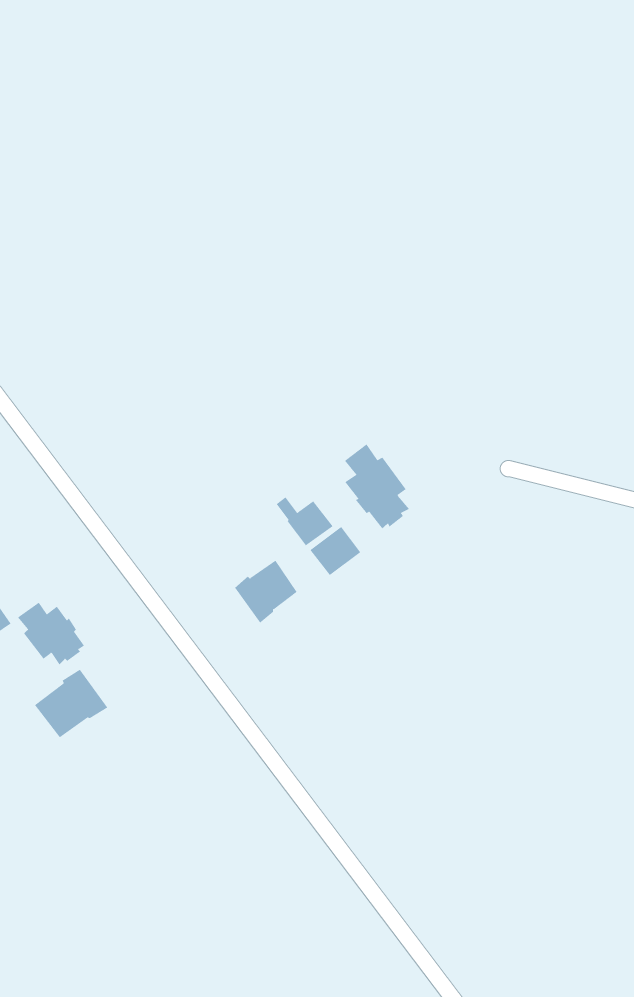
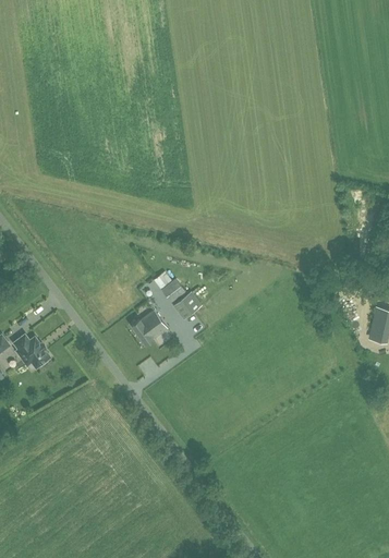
building: [344,443,410,529] -> none
building: [34,669,108,738] -> none

